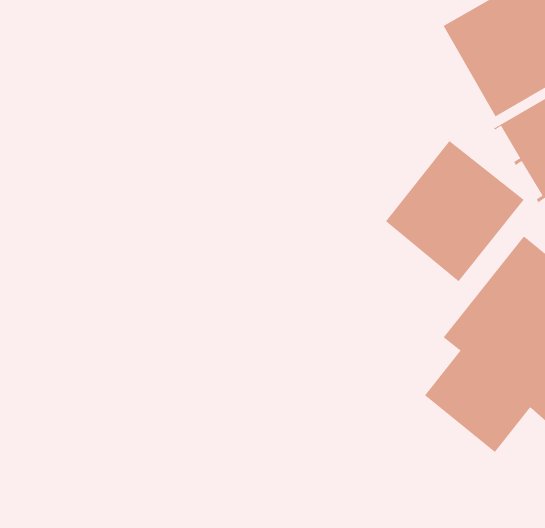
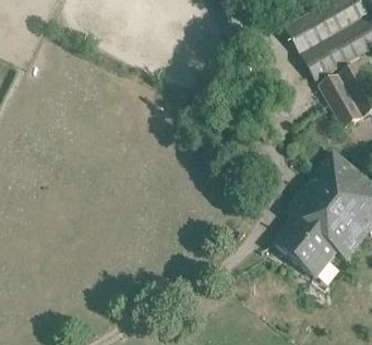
building: [385,140,525,282] -> none

